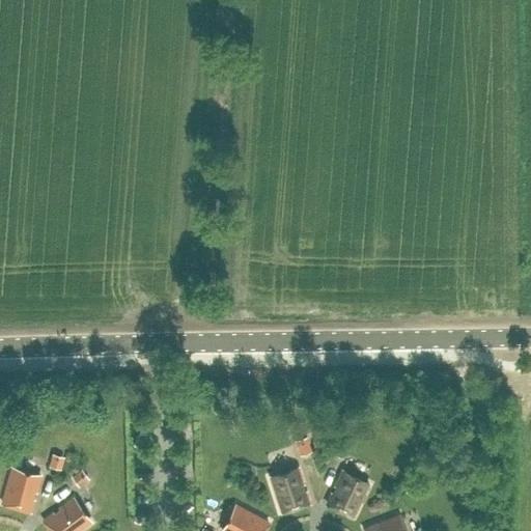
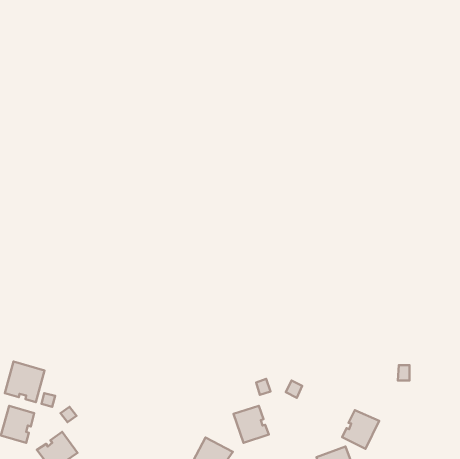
building: none -> [5,362,44,402]
building: [327,472,369,516] -> [342,410,379,449]

